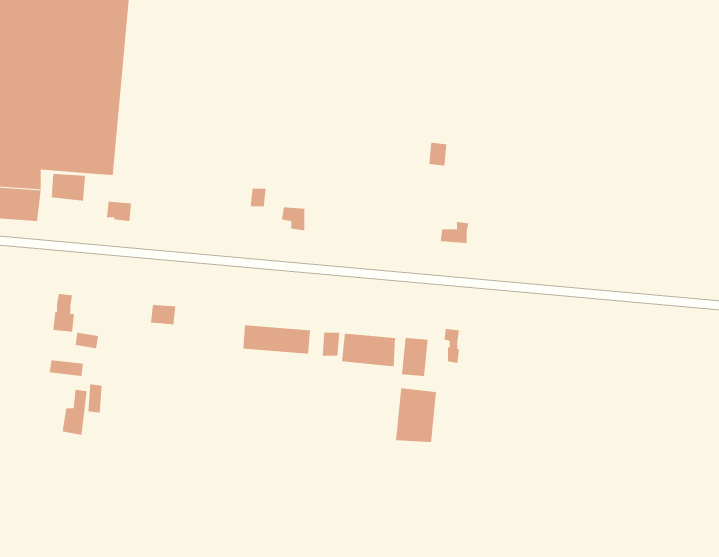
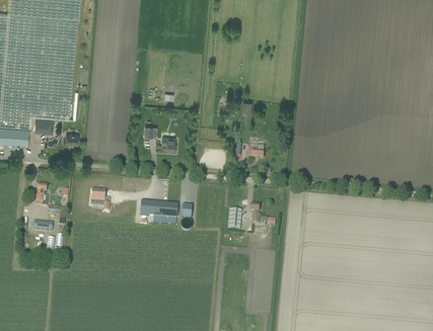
building: [341,333,396,367] -> none
building: [396,388,436,443] -> none

